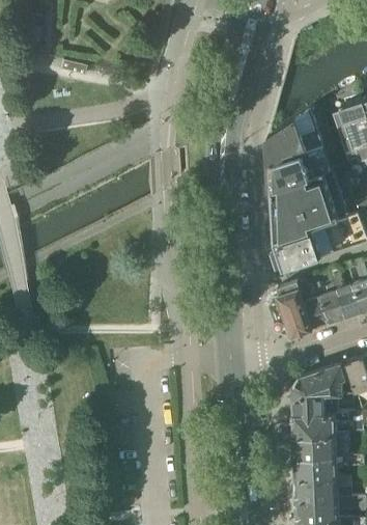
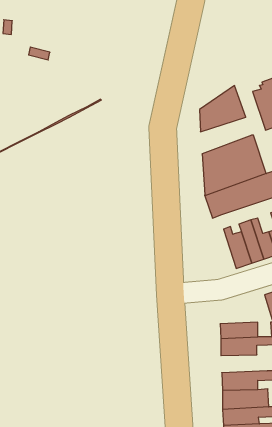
building: [269,148,331,193] -> none
building: [269,284,312,338] -> none
building: [292,366,346,399] -> none
building: [293,436,349,459] -> none

